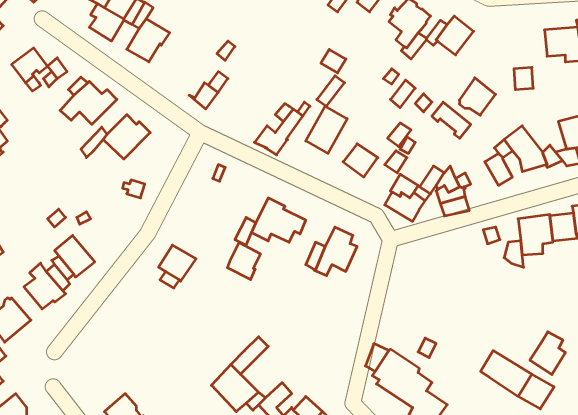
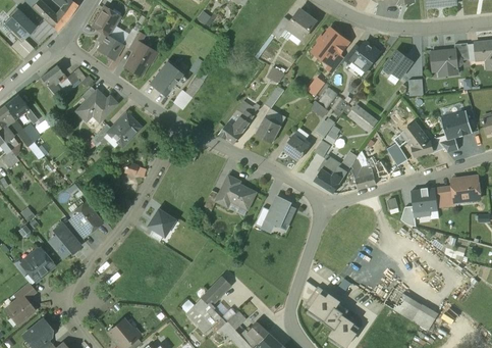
building: none -> [151,61,187,97]
building: [459,78,496,115] -> [385,50,412,78]
building: [227,243,260,280] -> none
building: [530,332,565,375] -> none

